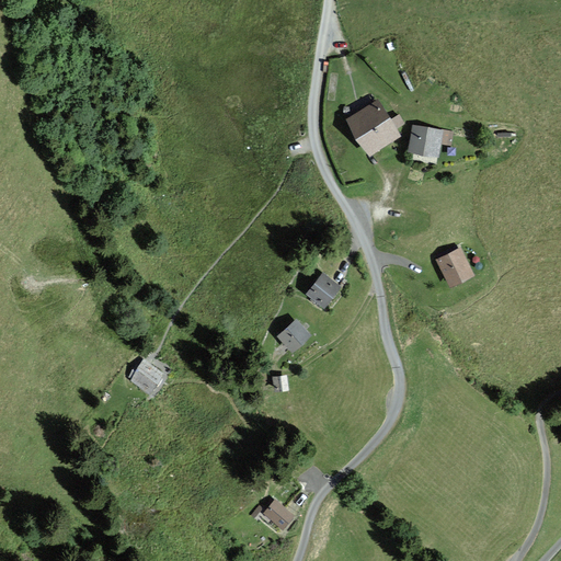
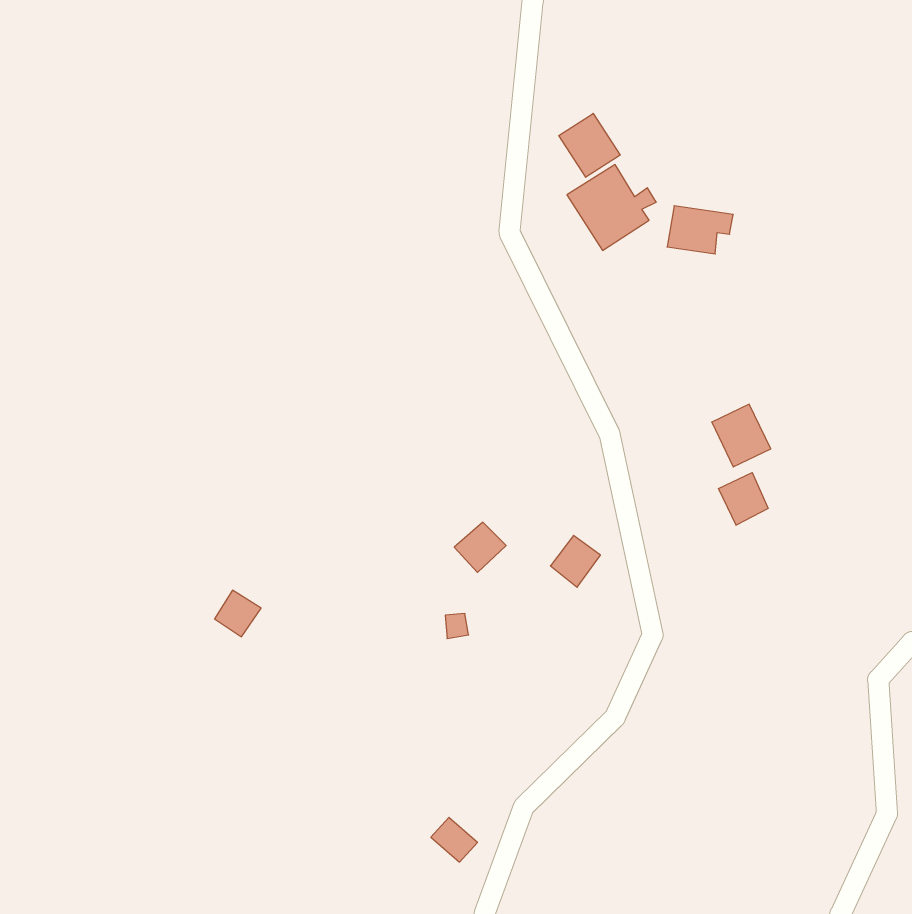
building: none -> [559,113,620,177]
building: [308,274,339,306] -> [550,535,600,587]
building: none -> [719,473,768,525]

